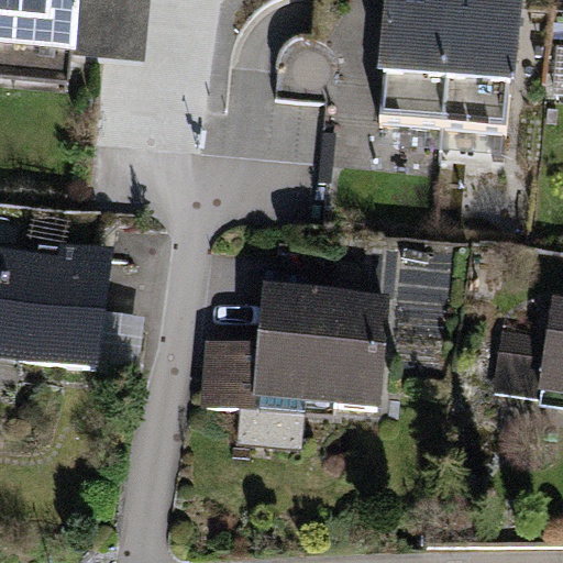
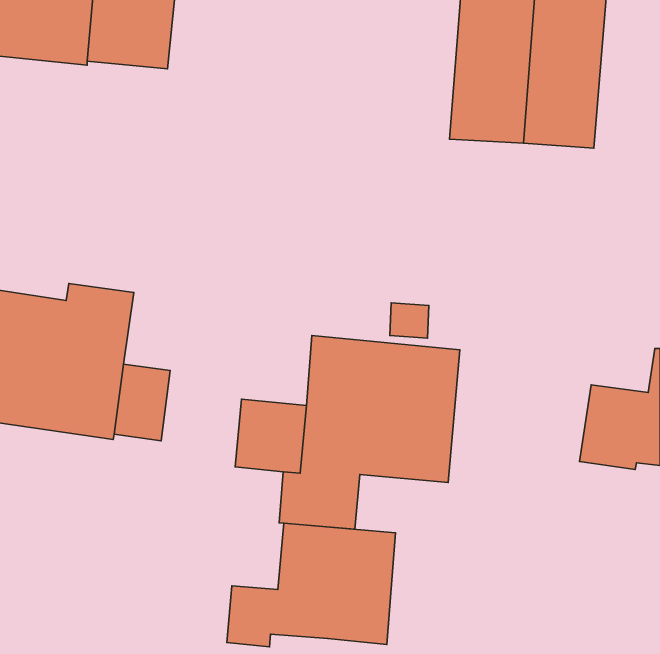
building: none -> [227,523,396,647]

